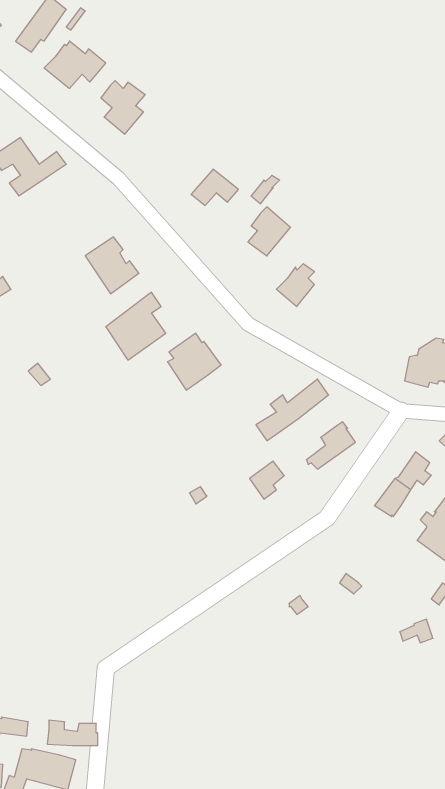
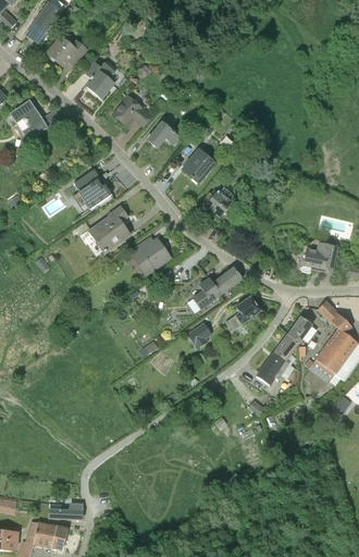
building: none -> [113,96,152,126]
building: none -> [256,354,289,386]

